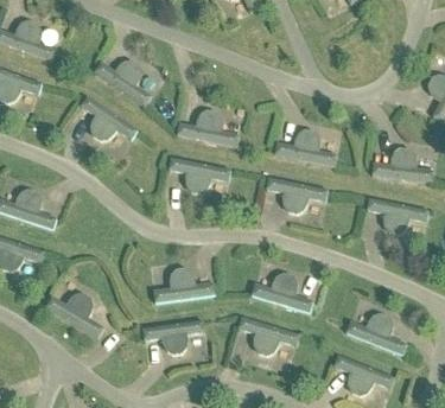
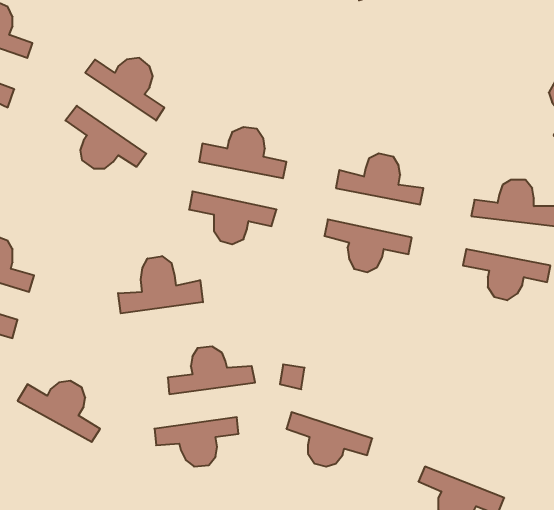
building: none -> [118,256,203,313]
building: [250,273,312,312] -> none
building: [344,313,406,355] -> none

